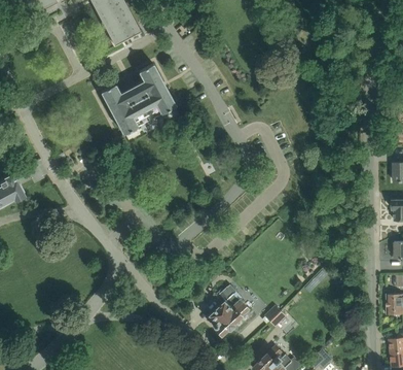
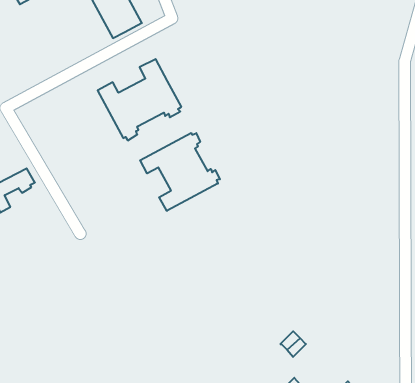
building: none -> [140,133,220,211]
building: [208,284,248,335] -> none

